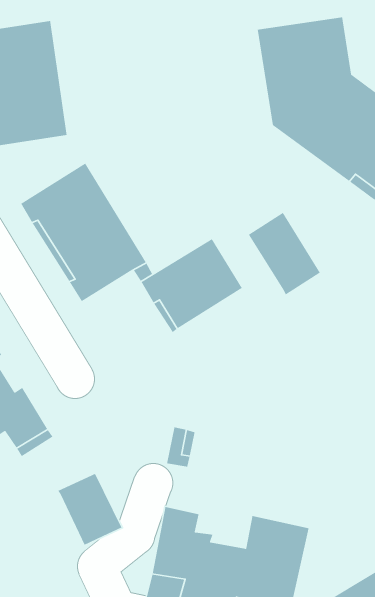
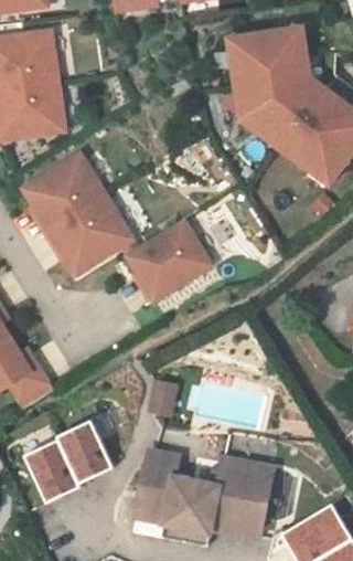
building: [248,212,321,296] -> none
building: none -> [23,440,79,504]

